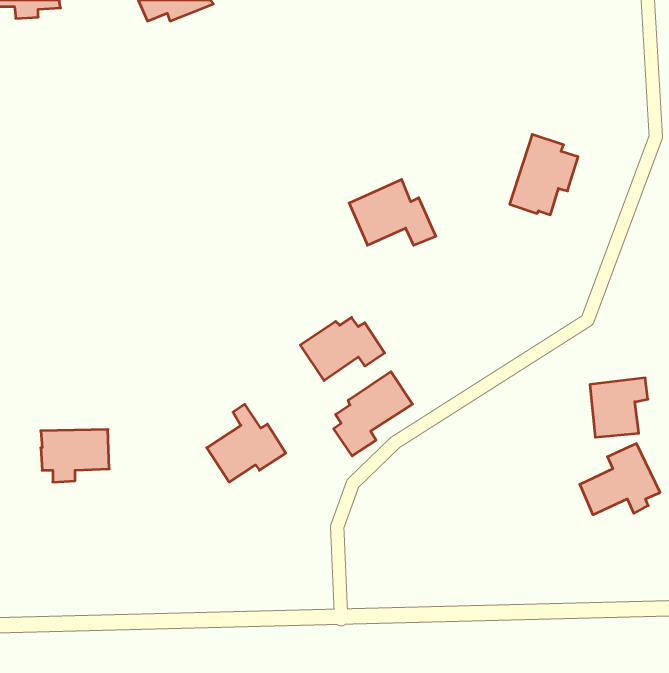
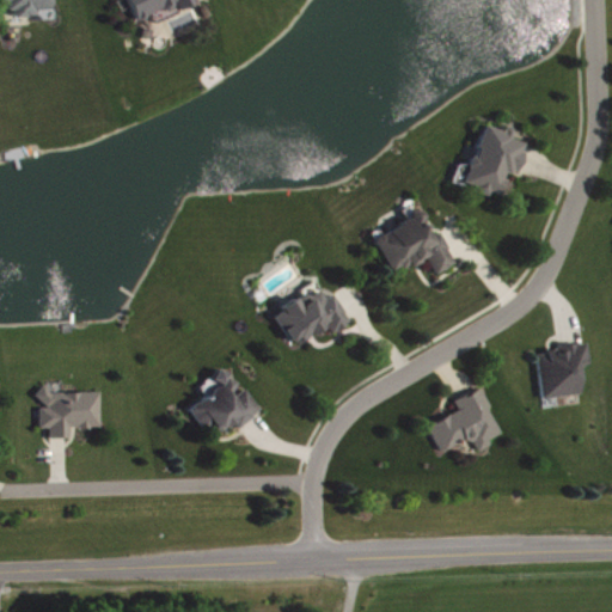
building: [349,179,436,245] -> [374,213,453,273]
building: [334,372,413,456] -> none
building: [580,444,660,515] -> [427,387,500,452]

